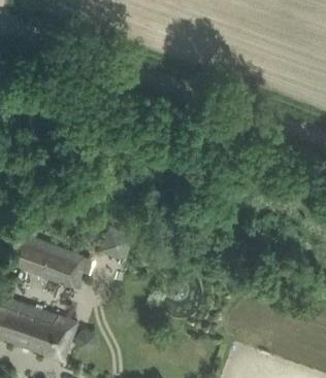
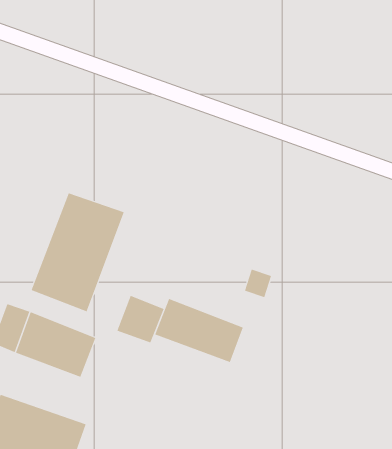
building: none -> [31,192,125,312]
building: none -> [154,298,244,363]

